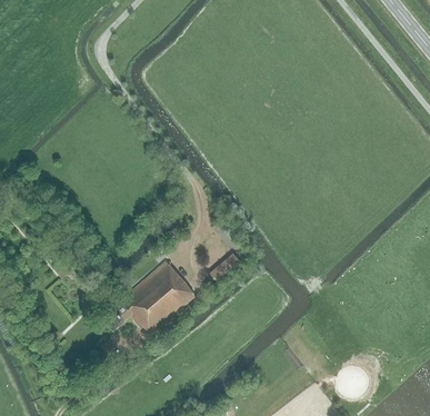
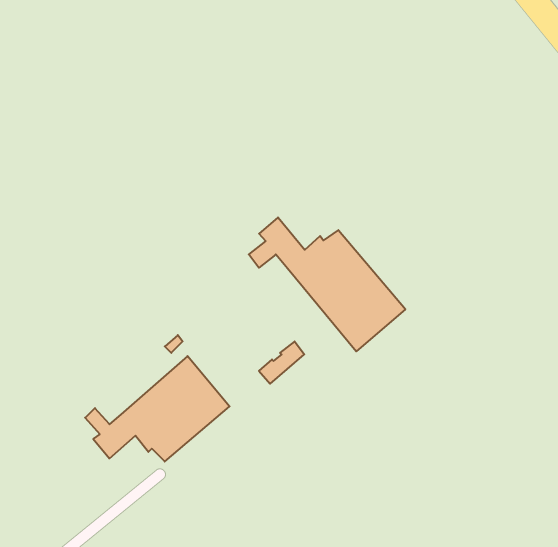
building: none -> [249,217,405,351]

